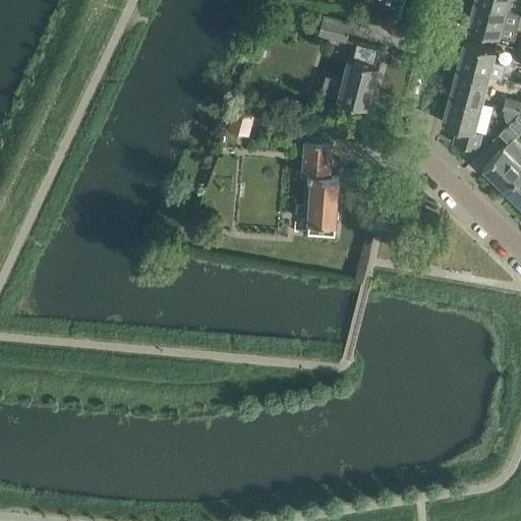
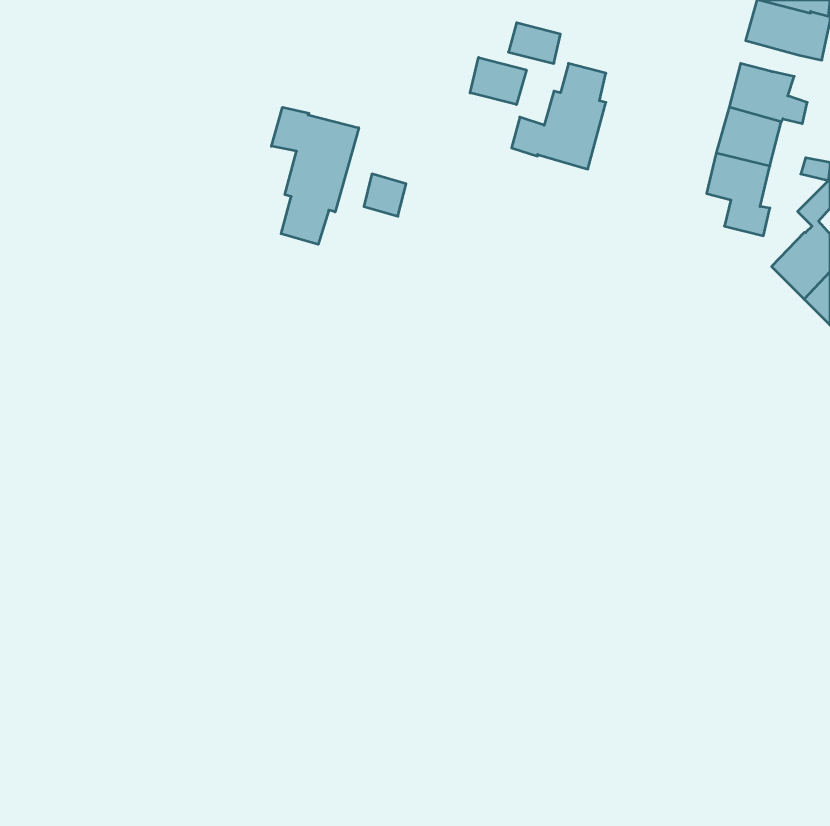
building: none -> [470,57,526,105]
building: none -> [271,107,359,244]
building: [303,143,339,236] -> none

